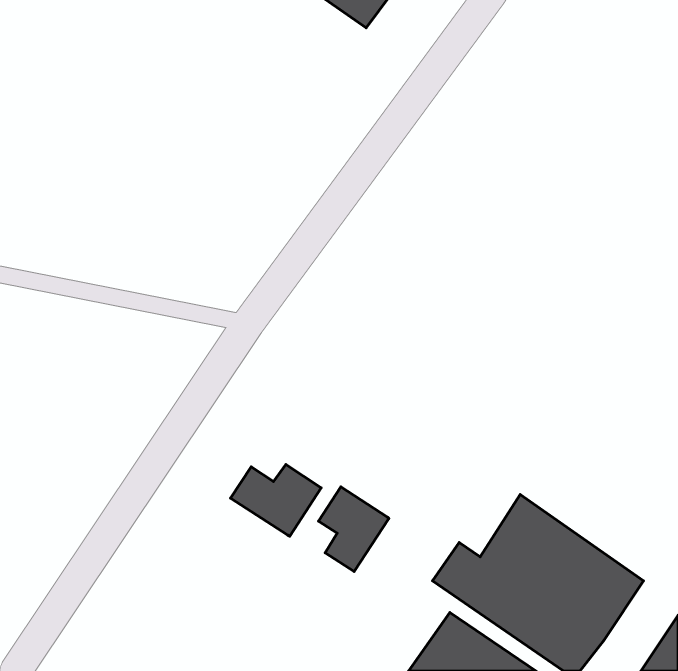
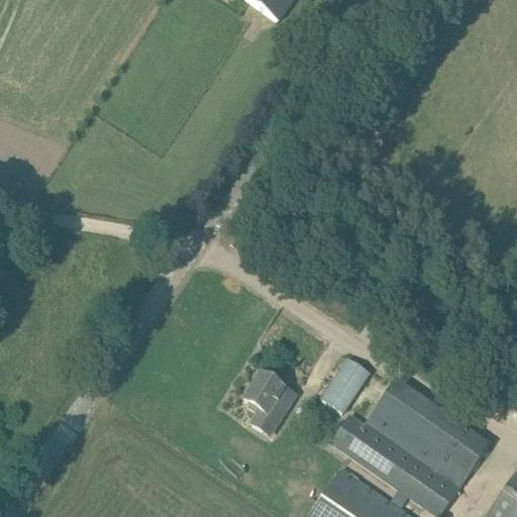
building: [231,464,321,536] -> none
building: none -> [321,357,370,413]

